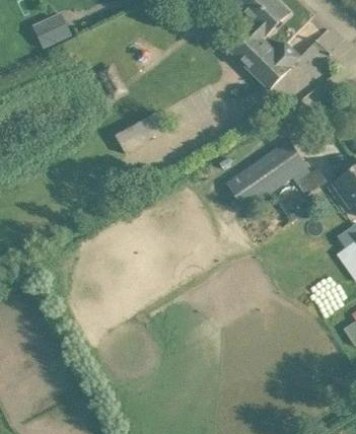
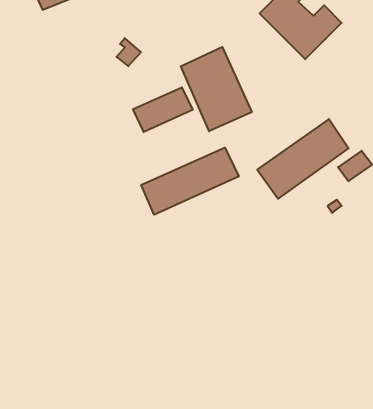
building: none -> [181,47,252,131]
building: none -> [141,148,239,215]

